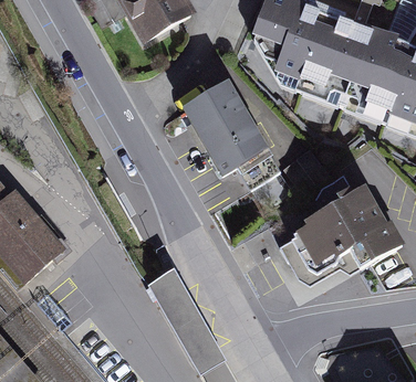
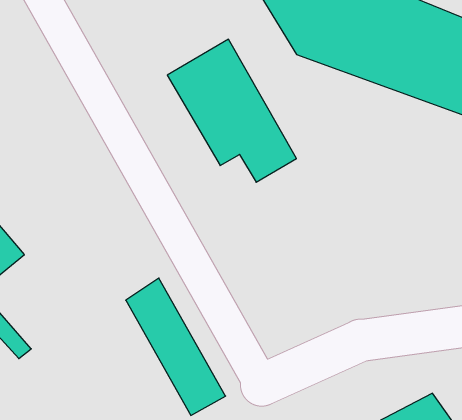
building: [272,188,388,279] -> none

